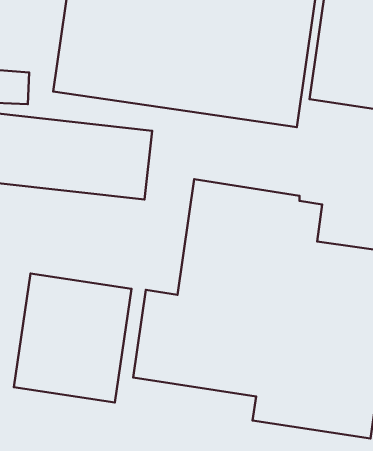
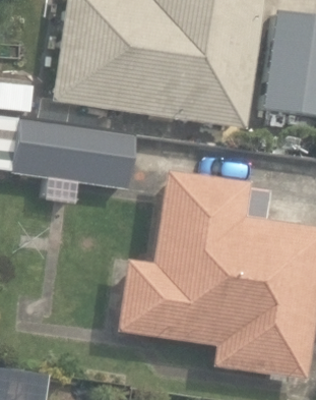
building: [14,273,131,403] -> none

